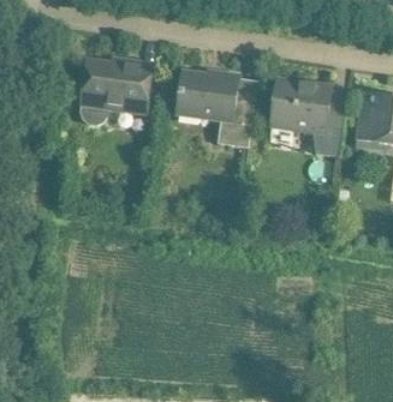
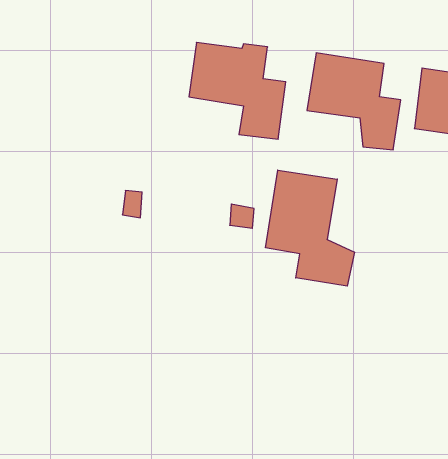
building: [81,59,153,124] -> none
building: none -> [266,170,354,286]

